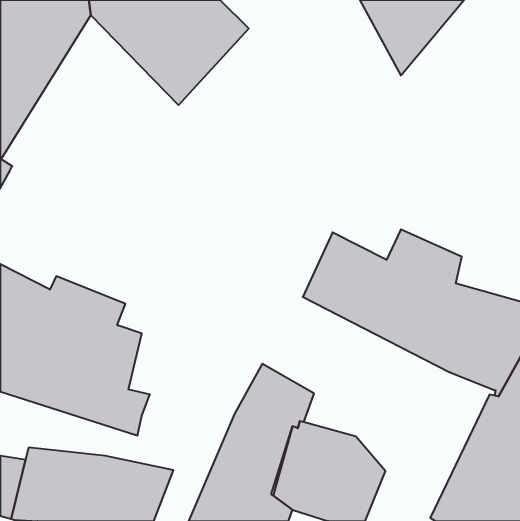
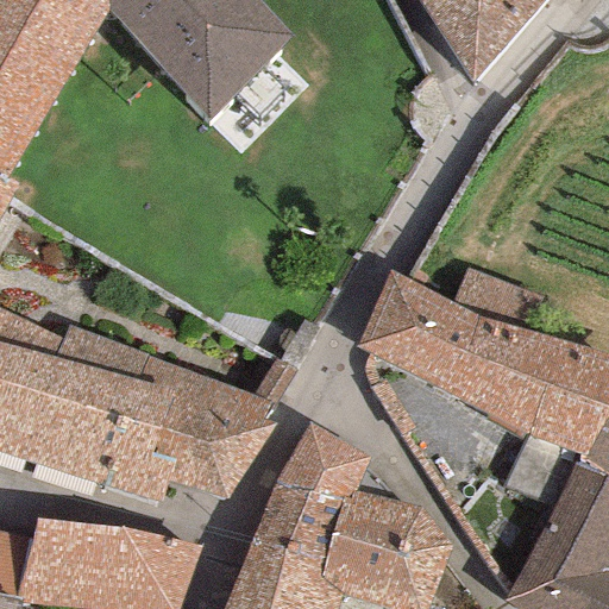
building: none -> [138,354,294,503]

